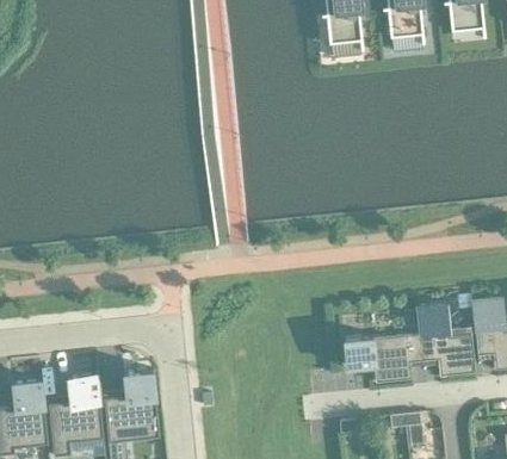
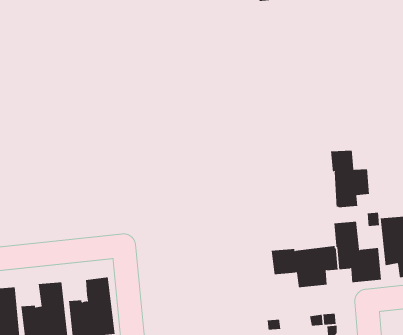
building: none -> [331,150,370,208]

